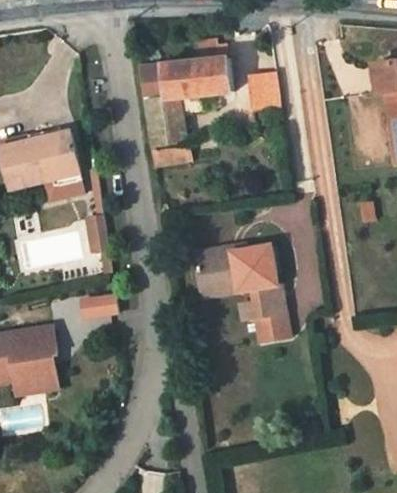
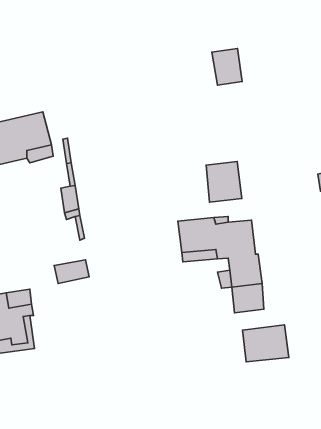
building: [135,37,232,165] -> none
building: none -> [206,161,242,202]
building: none -> [243,325,289,362]

